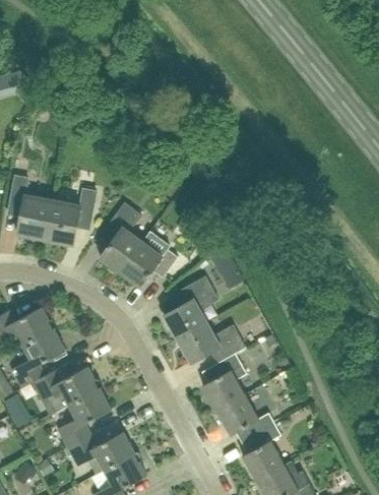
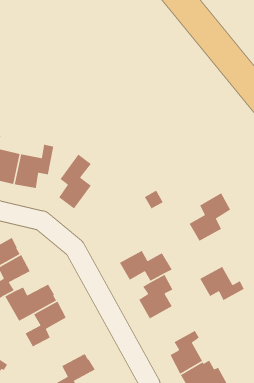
building: [120,241,177,286] -> none
building: [164,275,217,338] -> [189,192,231,242]
building: [215,394,273,439] -> [199,266,245,301]
building: [67,431,137,474] -> none

